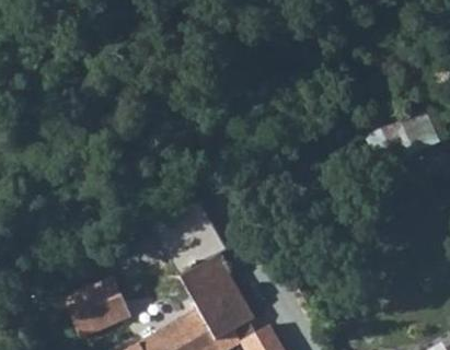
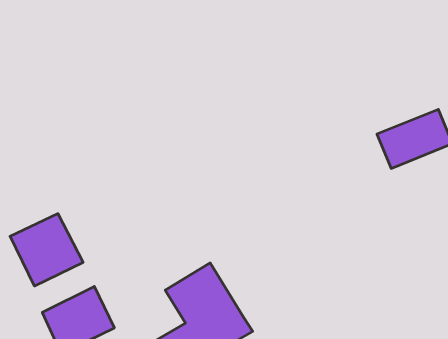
building: none -> [10,214,83,286]

